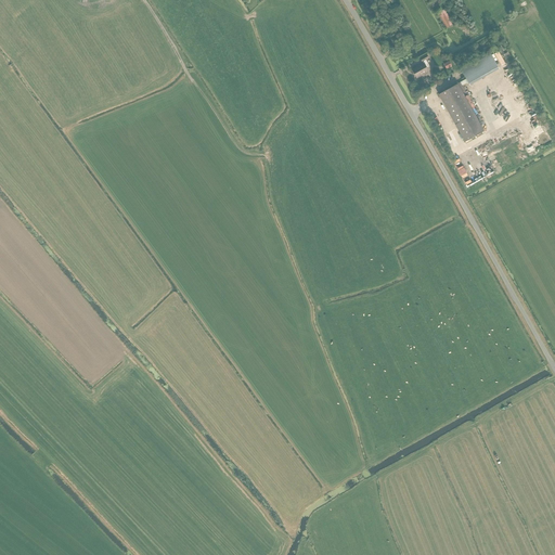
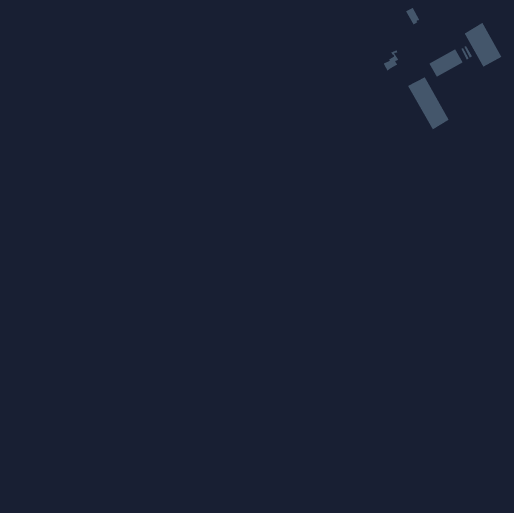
building: none -> [464,22,502,68]

